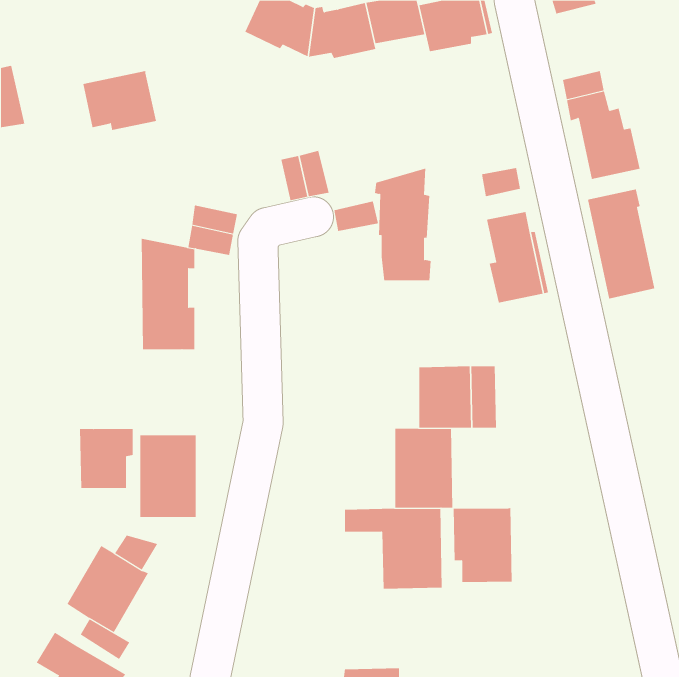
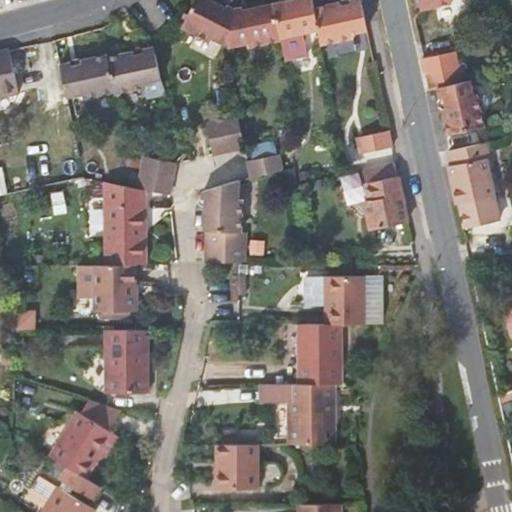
building: none -> [110,47,170,98]
building: [374,168,431,281] -> [204,179,247,264]
building: [79,429,133,488] -> [96,265,137,310]
building: [453,507,512,583] -> none
building: none -> [215,445,258,489]

